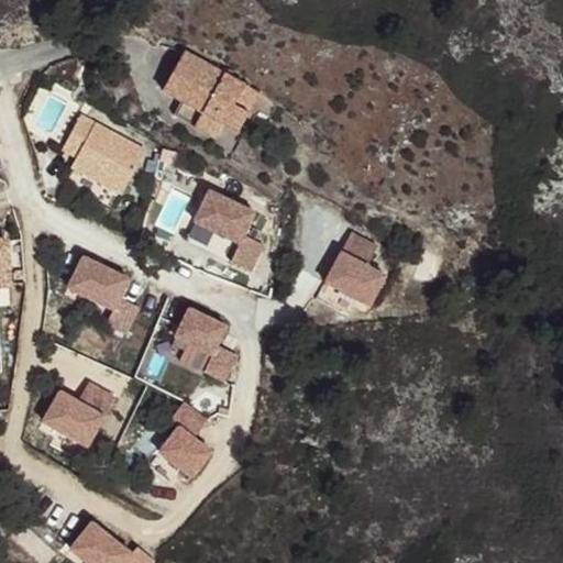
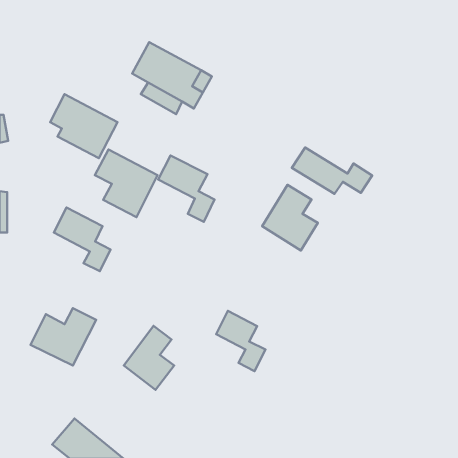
building: none -> [292,148,372,194]
building: none -> [95,149,158,217]
building: [173,309,233,383] -> [216,311,265,371]

